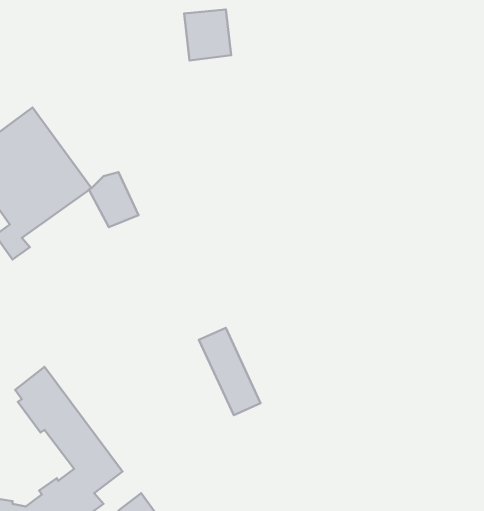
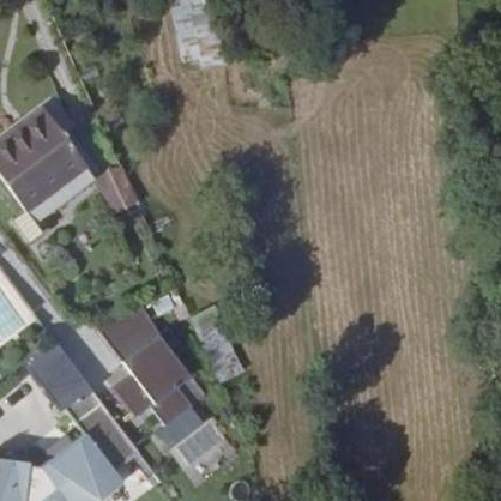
building: none -> [103,304,164,362]
building: none -> [113,339,221,463]

